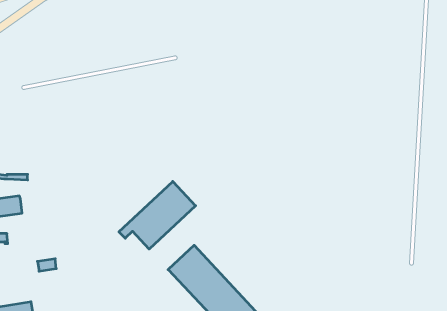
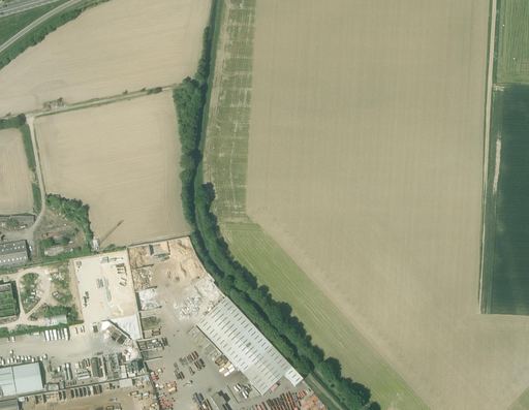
building: [119,181,196,249] -> none

